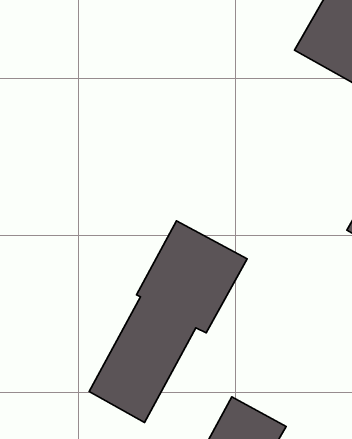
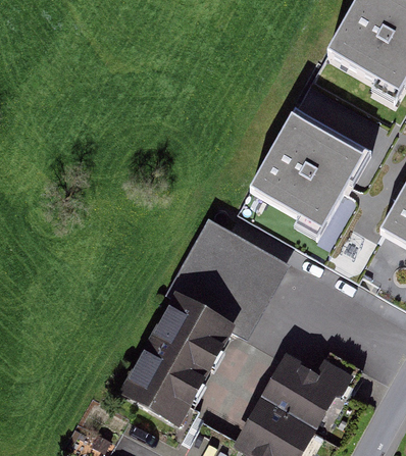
building: none -> [248,112,367,233]
building: none -> [263,347,365,426]

